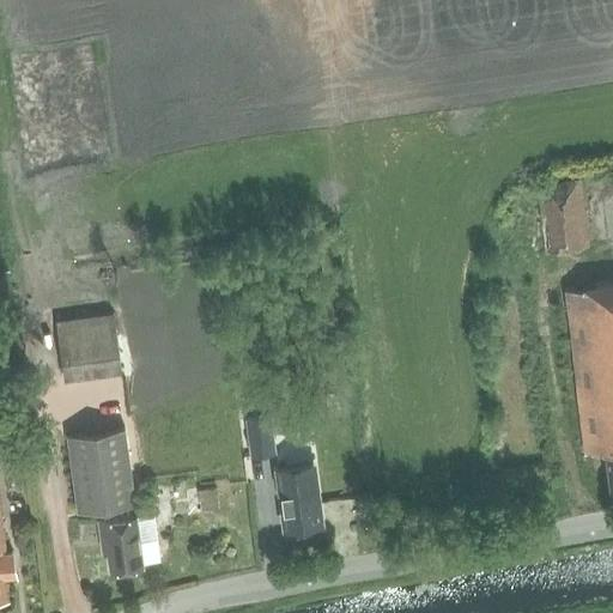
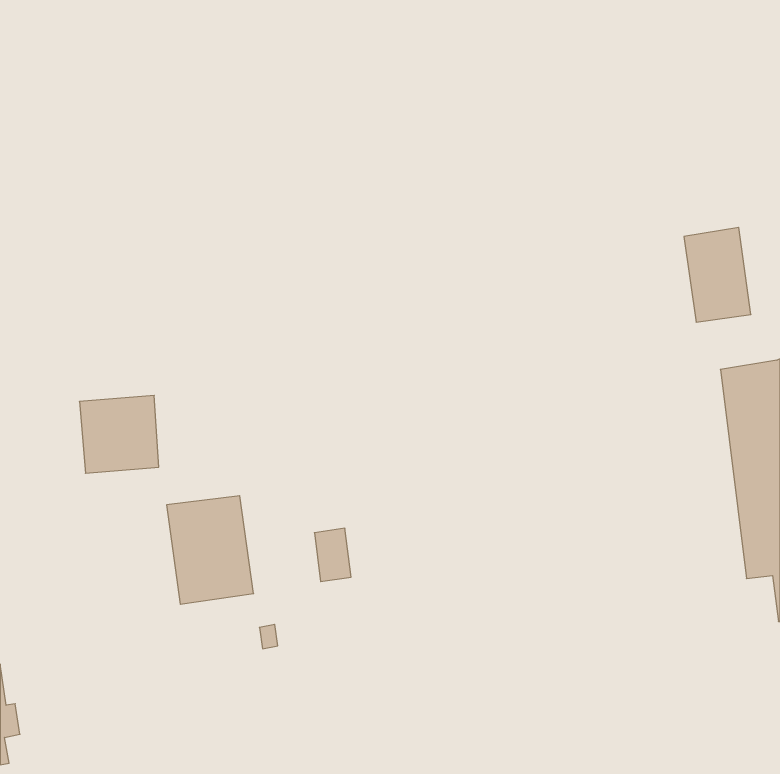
building: [66,432,134,517] -> [167,496,254,604]
building: [277,468,318,532] -> none
building: [98,521,160,575] -> none

